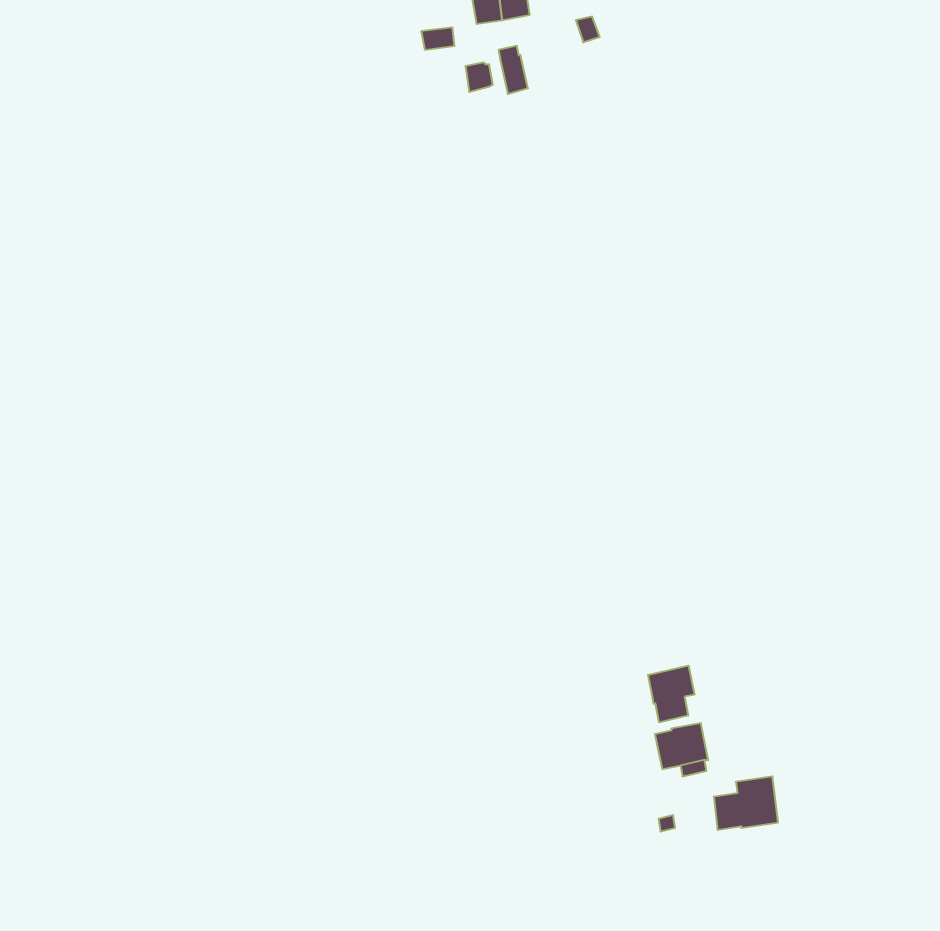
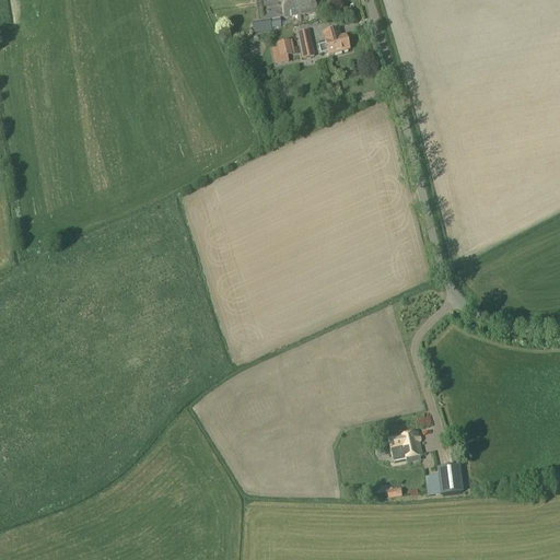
building: none -> [318,25,349,52]
building: [648,666,694,722] -> none

